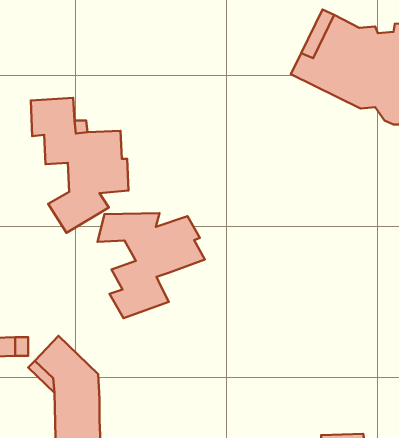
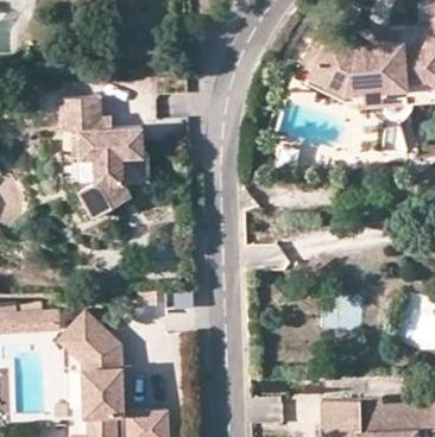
building: [97,213,205,318] -> none

